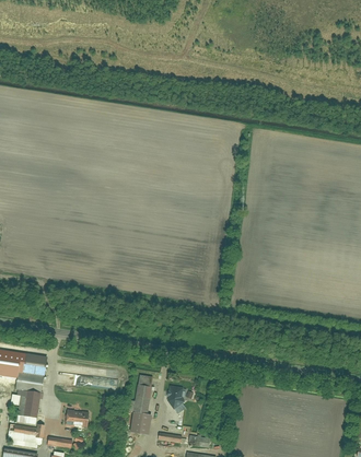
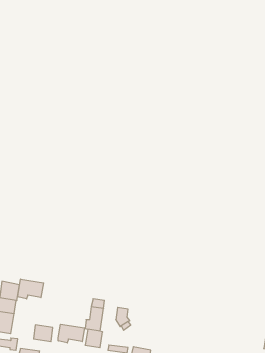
building: none -> [18,279,44,299]
building: none -> [58,324,84,343]

